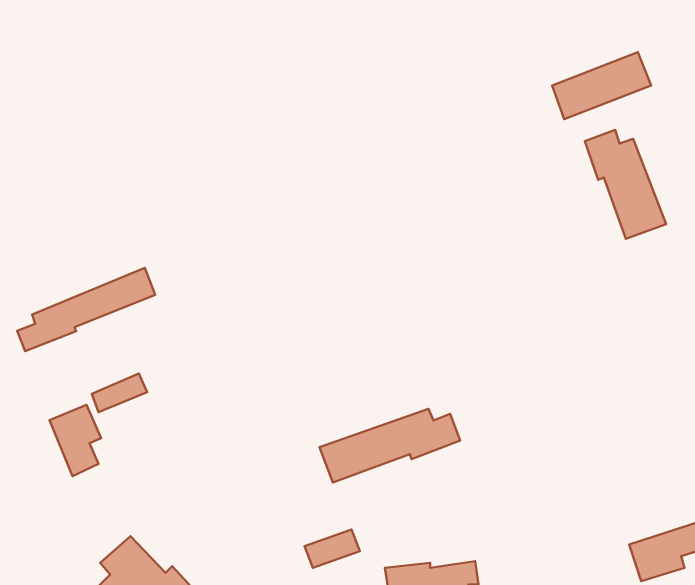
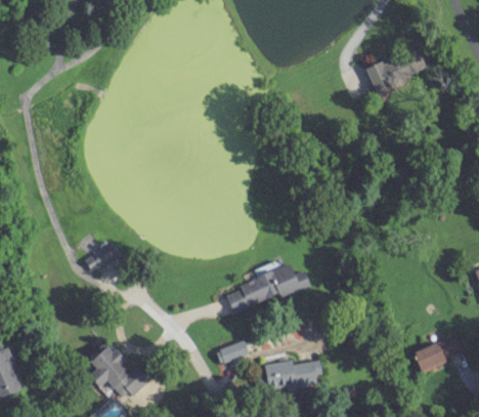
building: [585,130,666,239] -> none
building: [17,268,155,351] -> none
building: [49,405,101,476] -> none

